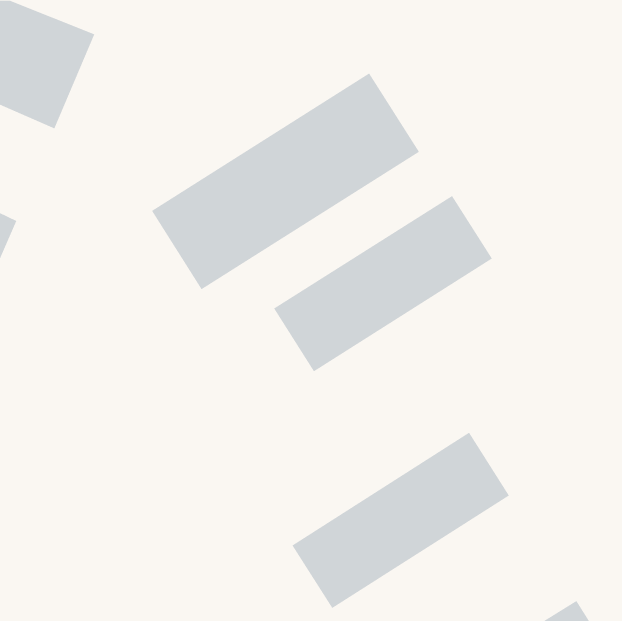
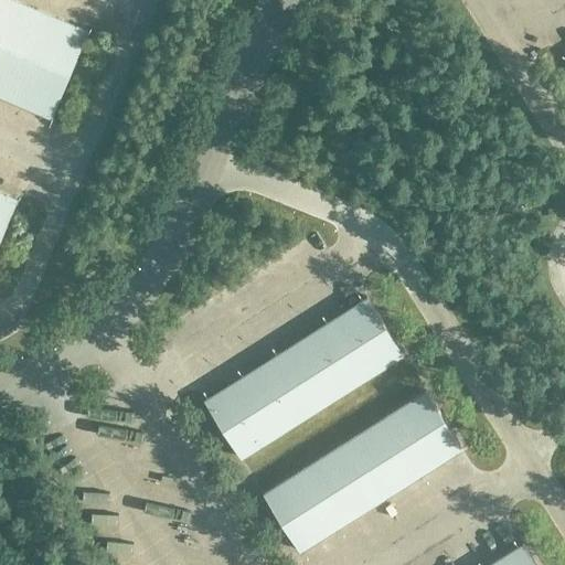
building: [151,72,420,290] -> none
building: [273,195,493,372] -> [204,299,403,459]

